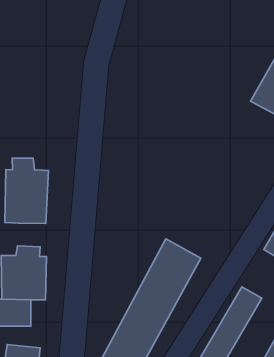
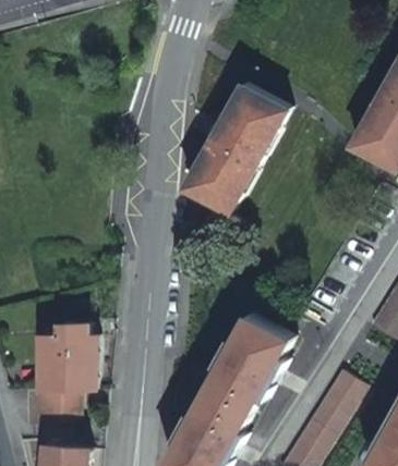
building: none -> [183,84,286,212]
building: [5,158,48,223] -> none

